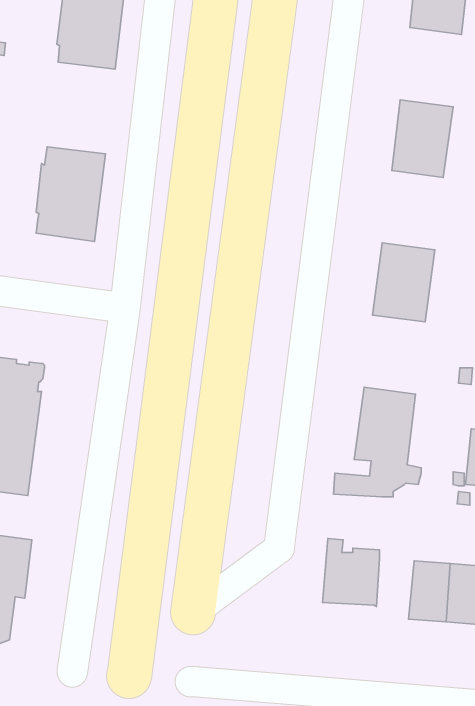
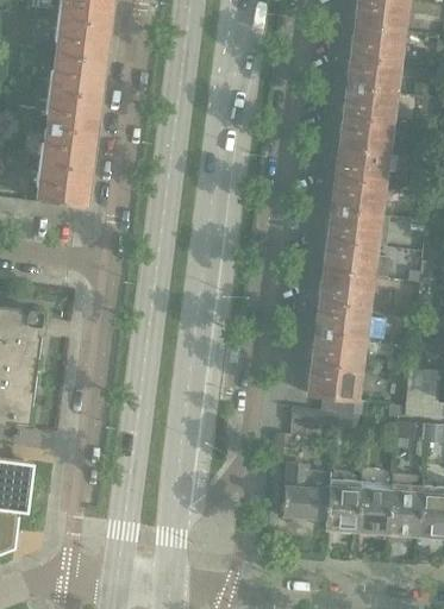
building: none -> [349,25,401,93]
building: none -> [45,55,105,133]
building: none -> [333,147,386,215]
building: none -> [318,271,370,339]
building: none -> [326,479,361,532]

